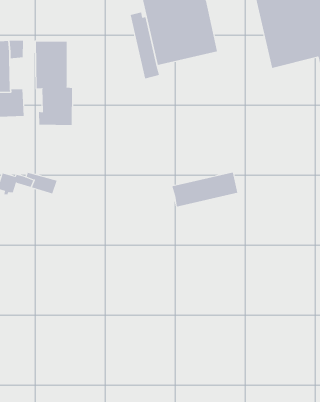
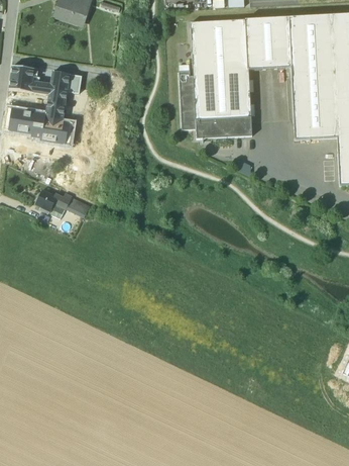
building: [35,41,73,126] -> none
building: [172,172,238,207] -> [195,115,252,137]

